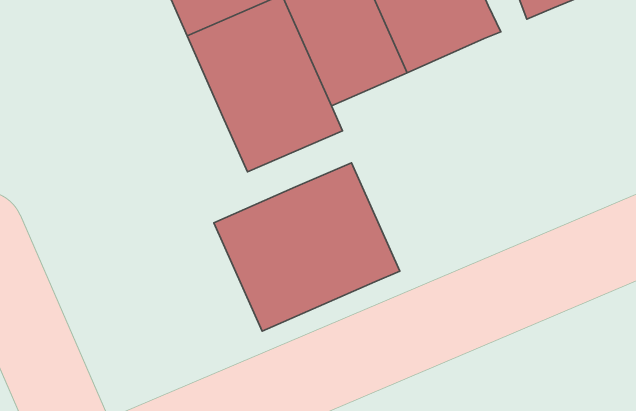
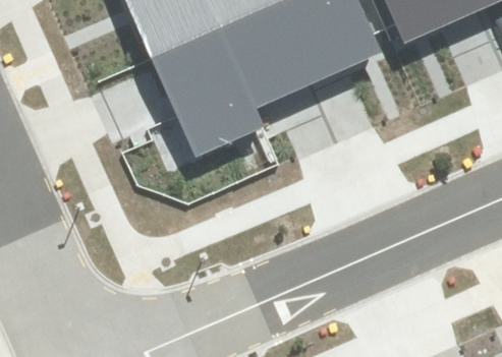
building: [214,163,400,331] -> none

